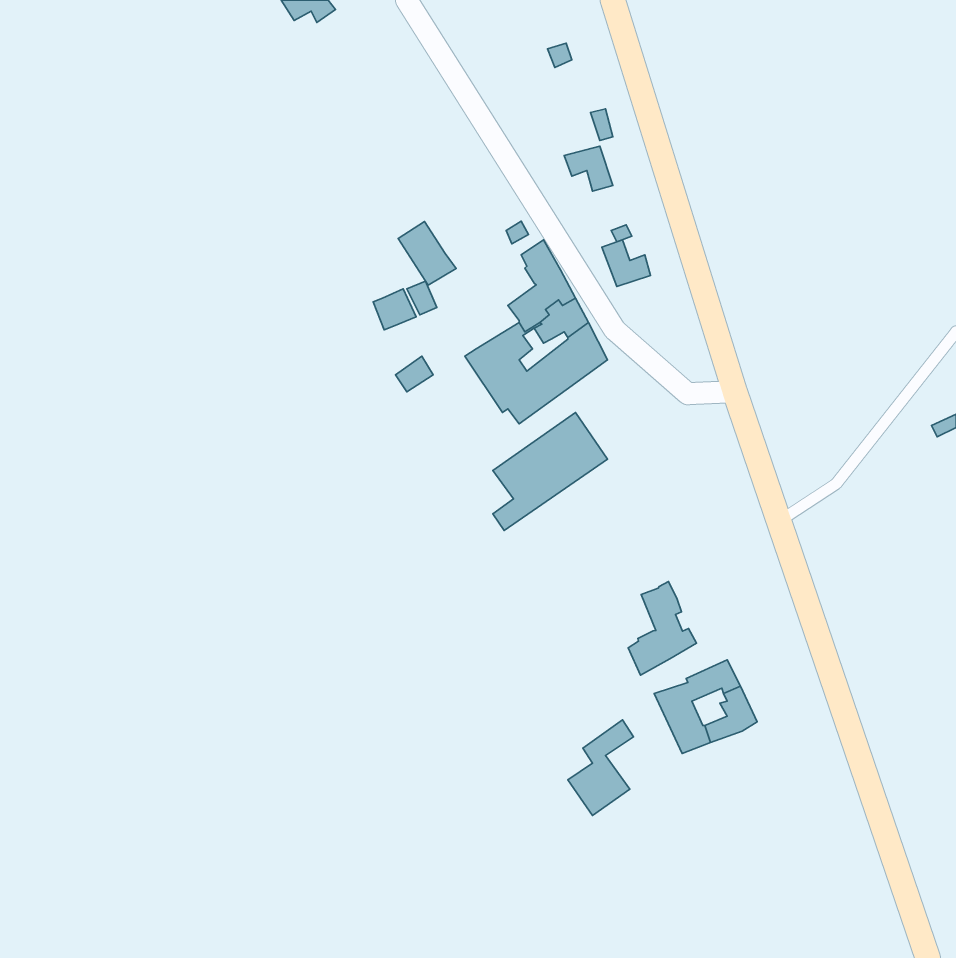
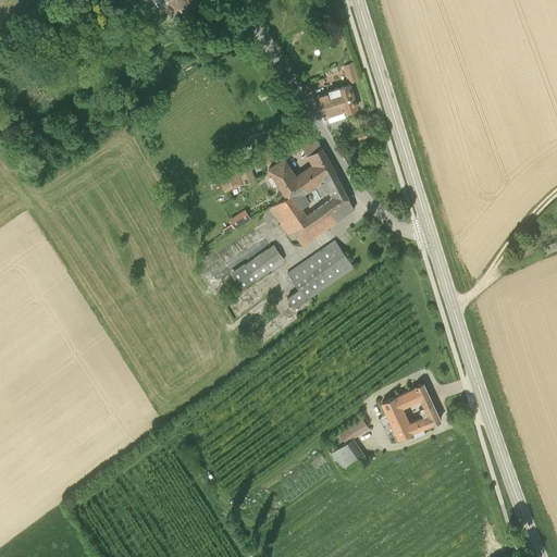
building: [398,222,456,285] -> [268,159,301,196]
building: [602,240,650,287] -> [315,90,344,117]
building: none -> [228,245,283,289]
building: [628,582,696,675] -> none

